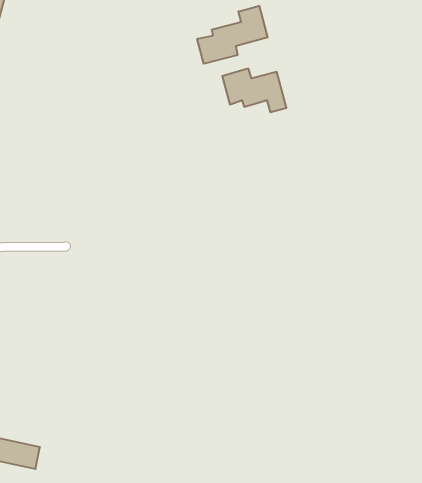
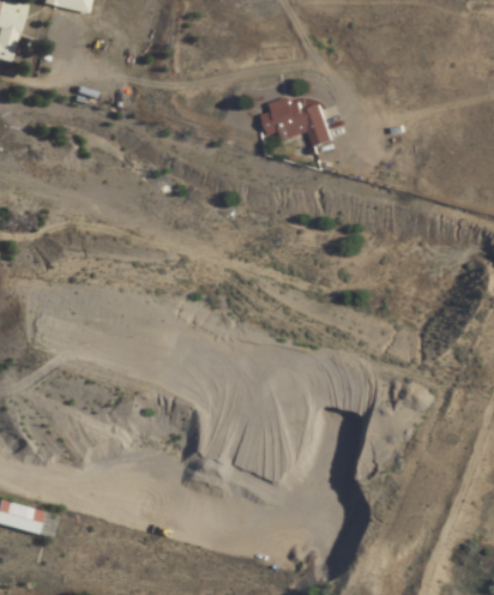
building: [197,6,267,64] -> none

